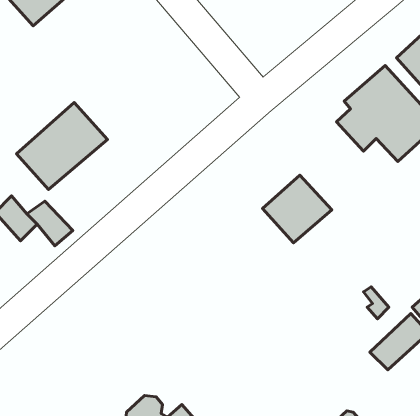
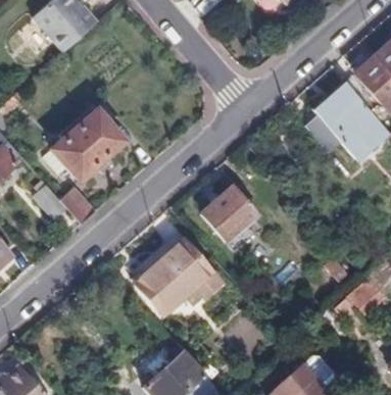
building: [263,175,332,243] -> [201,189,256,243]
building: none -> [134,242,208,315]

